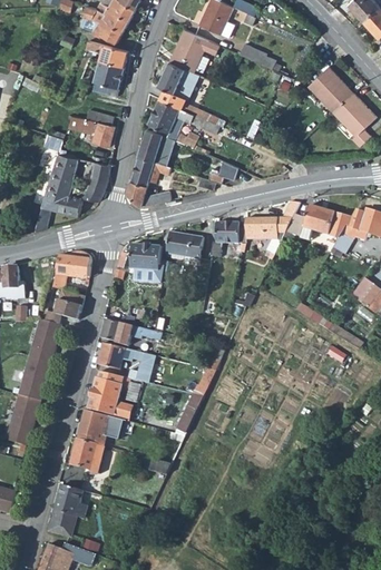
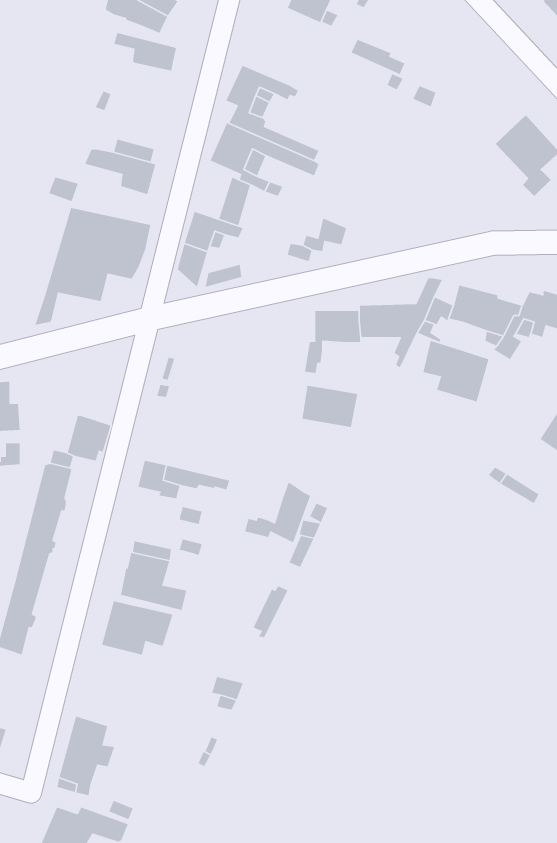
building: [168,30,218,76] -> none
building: [86,61,123,97] -> none
building: [306,67,352,114] -> none
building: [137,130,162,163] -> none
building: [165,232,202,259] -> [302,385,358,428]
building: none -> [422,340,489,402]
building: [129,244,163,282] -> none
building: [52,250,89,289] -> none
building: none -> [244,482,311,544]
building: [97,342,124,368] -> none
building: [70,439,105,474] -> none

